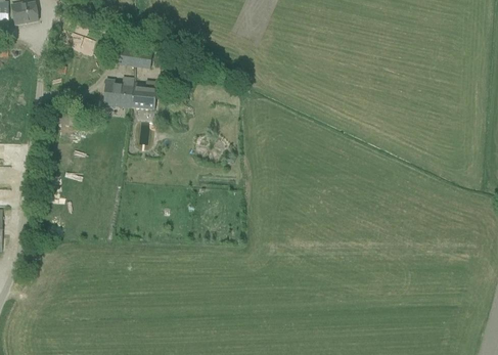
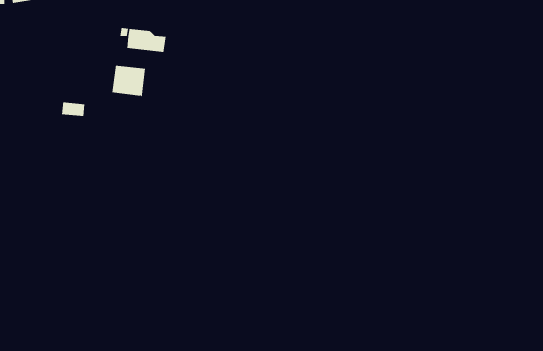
building: [130,82,155,109] -> none

